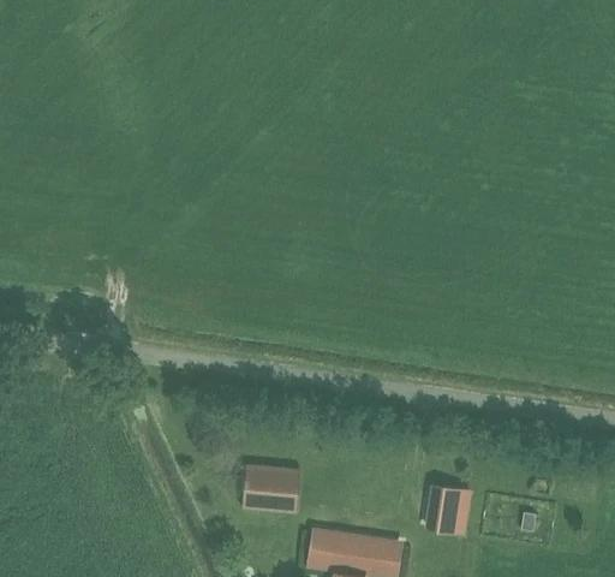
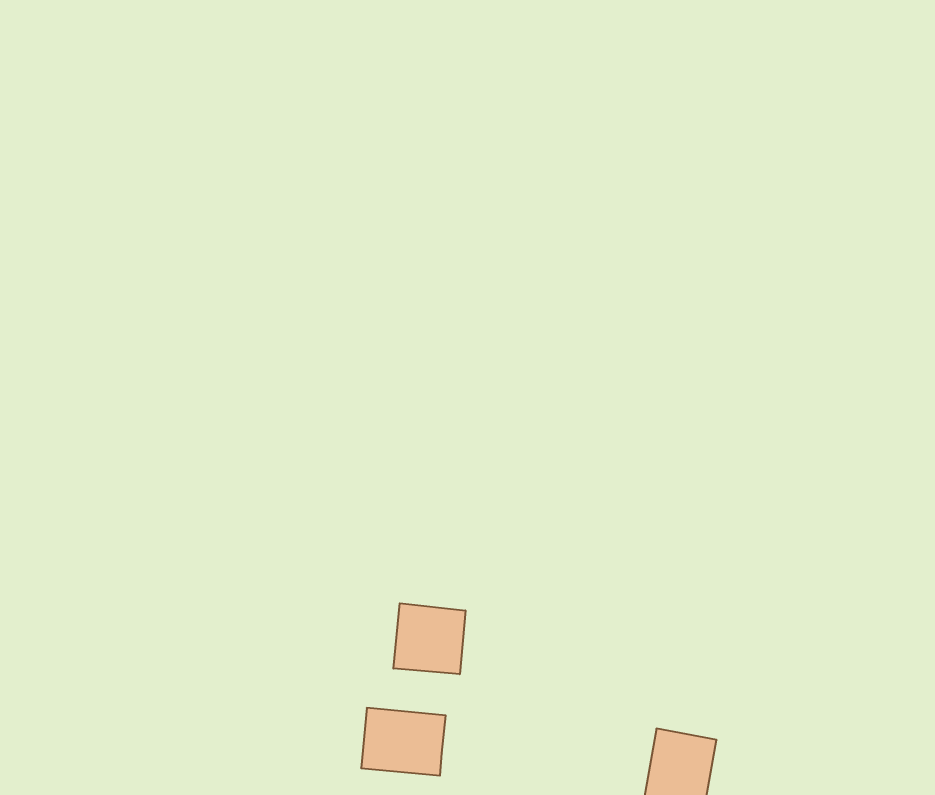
building: none -> [393,603,465,674]

